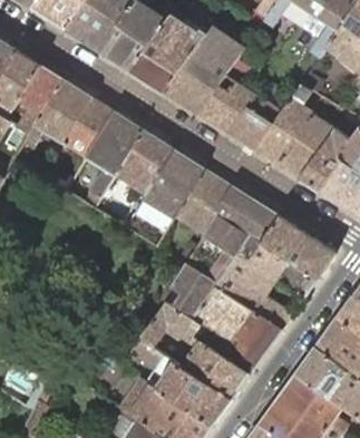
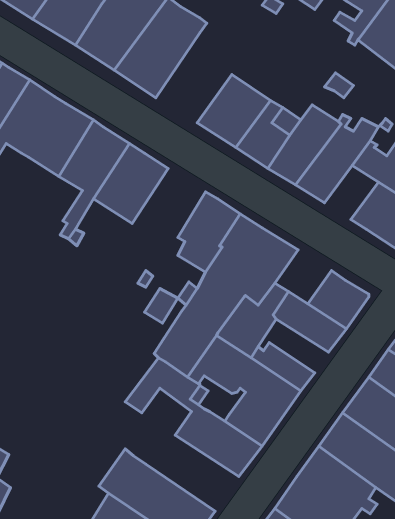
building: [163,20,247,114] -> none
building: [299,148,342,192] -> none
building: [132,150,203,233] -> none
building: [259,216,304,260] -> none
building: [129,339,230,427] -> none

